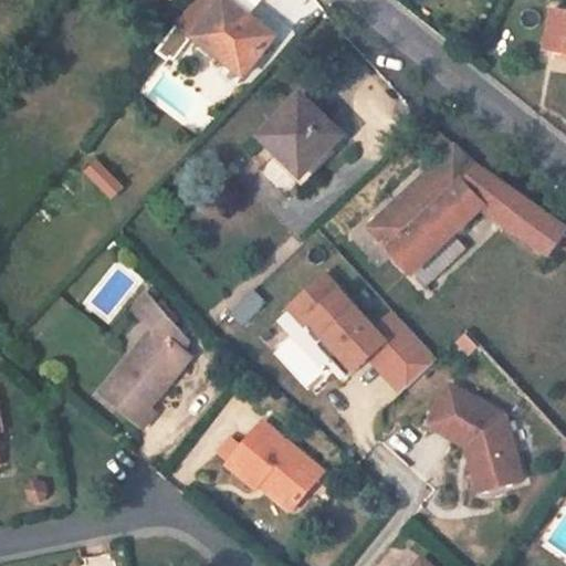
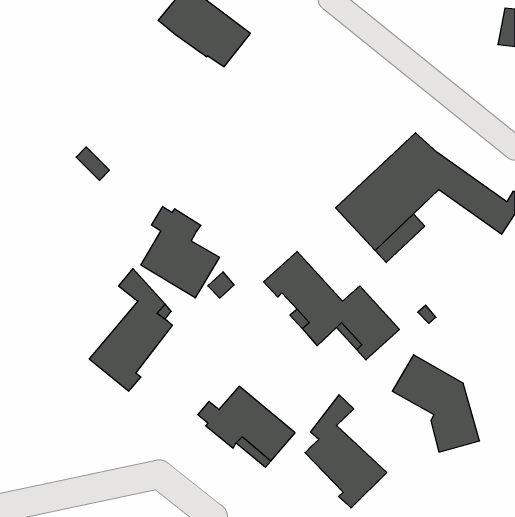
building: [259,94,342,176] -> none
building: none -> [141,206,219,298]
building: none -> [305,395,387,508]

